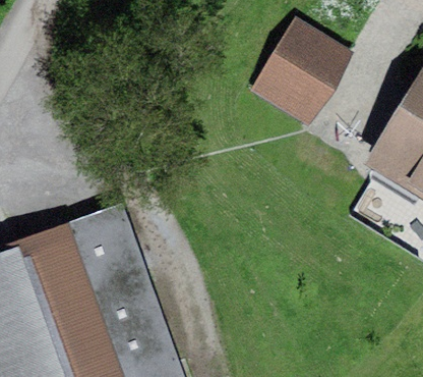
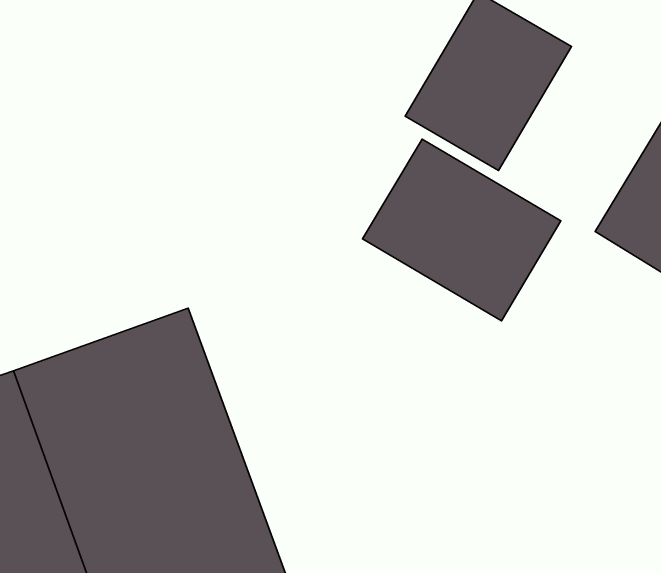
building: none -> [363,139,561,321]

